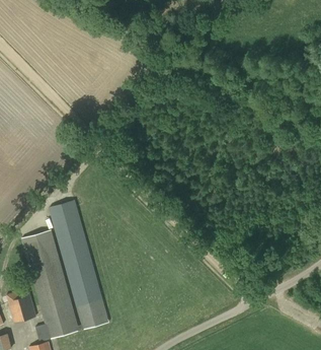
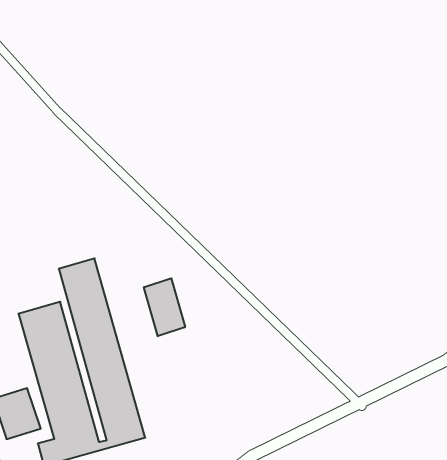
building: none -> [144,278,185,336]

